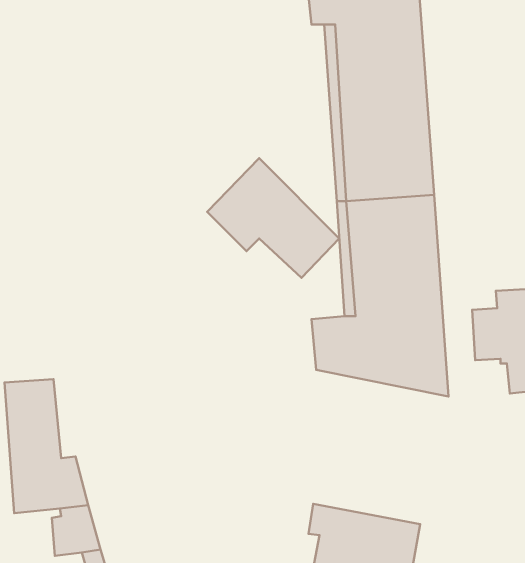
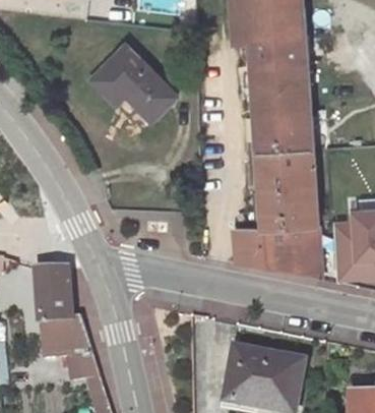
building: [207,158,339,278] -> [91,44,177,121]

